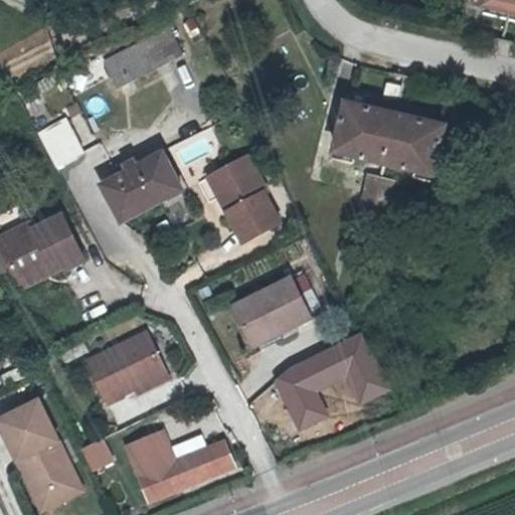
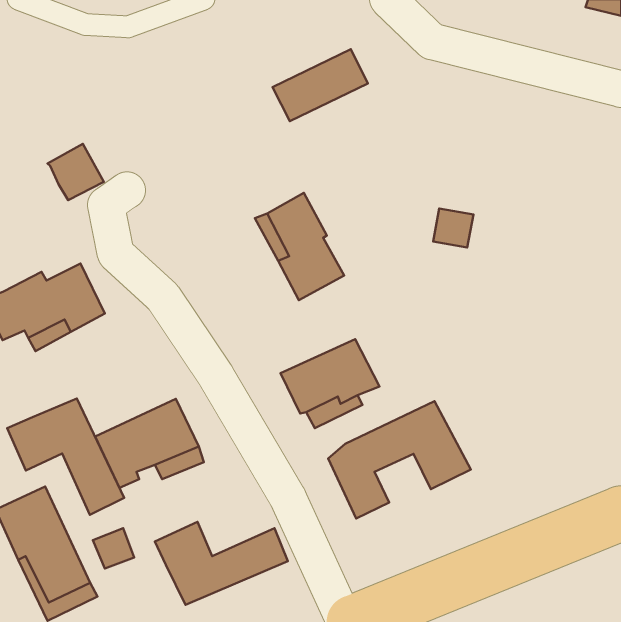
building: [106,25,184,84] -> [273,49,368,121]
building: [338,100,445,174] -> none
building: [105,152,184,218] -> none
building: none -> [7,398,124,515]

